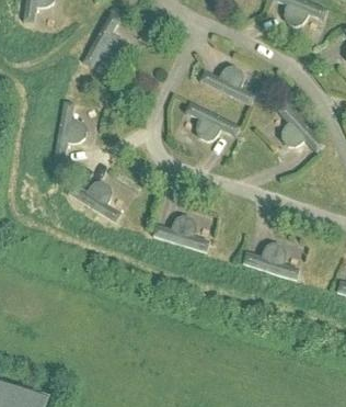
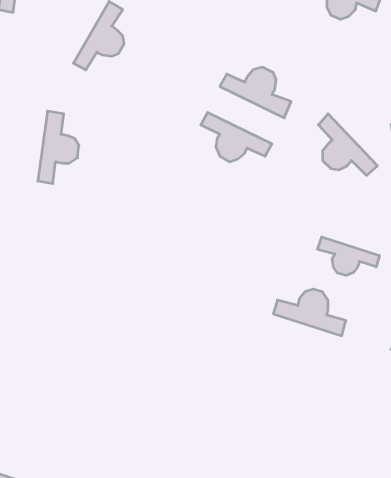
building: [68,181,122,222] -> none
building: none -> [318,237,379,275]
building: [152,215,210,252] -> none

